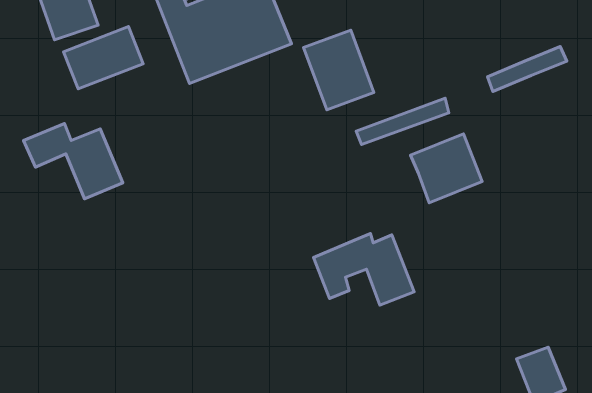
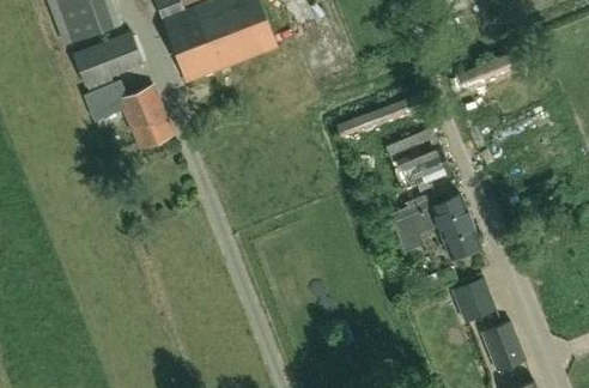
building: [303,30,374,110] -> none
building: [24,123,123,199] -> [85,79,175,147]
building: [314,234,414,305] -> [391,193,482,257]
building: none -> [454,277,497,320]

